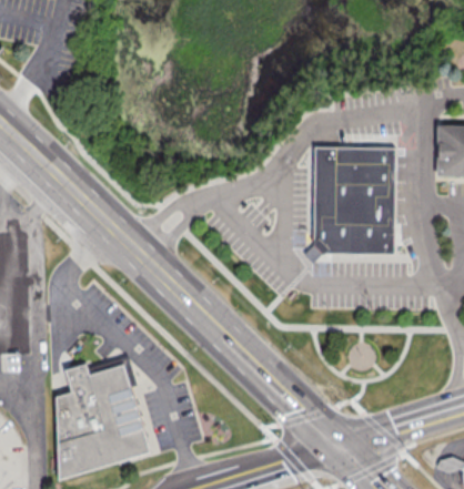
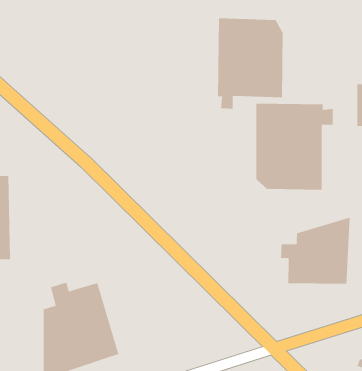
building: none -> [217,17,283,109]
building: none -> [281,217,350,285]

